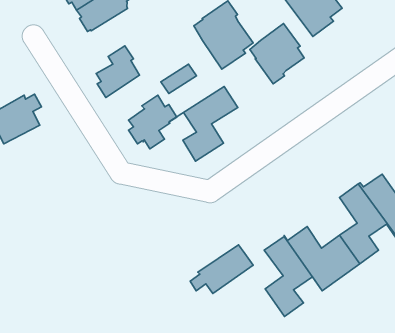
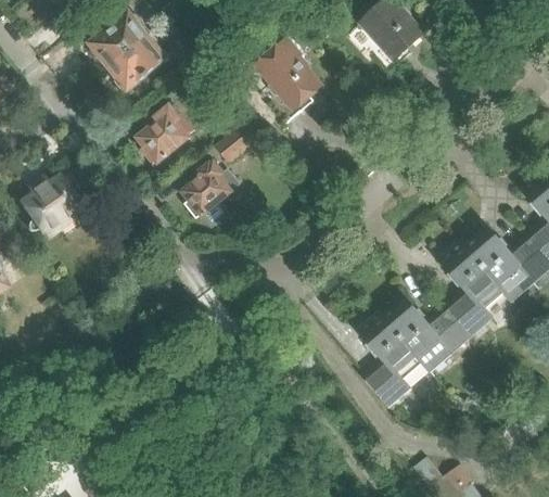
building: [250,24,304,84] -> none
building: [170,86,238,161] -> none
building: [190,245,253,294] -> none

